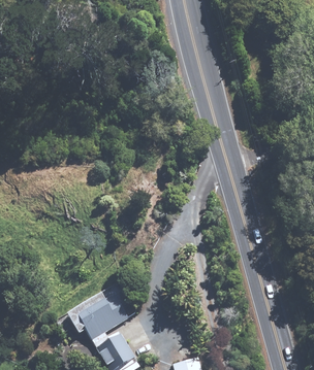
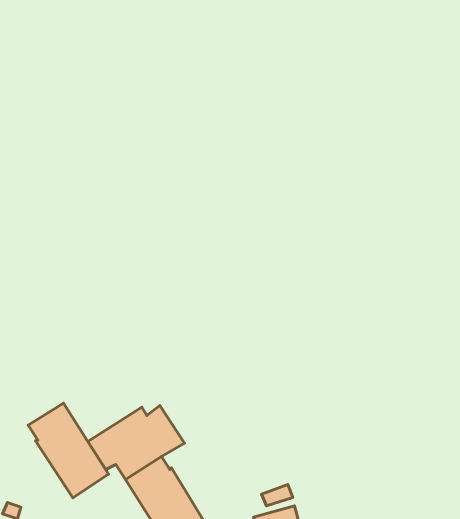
building: none -> [28,403,109,498]

